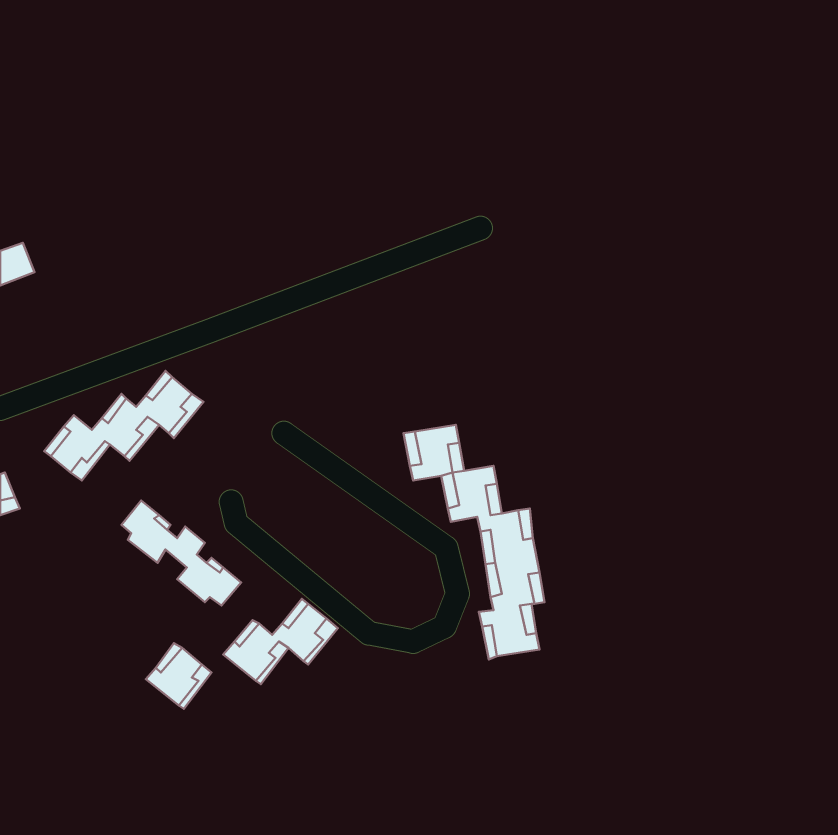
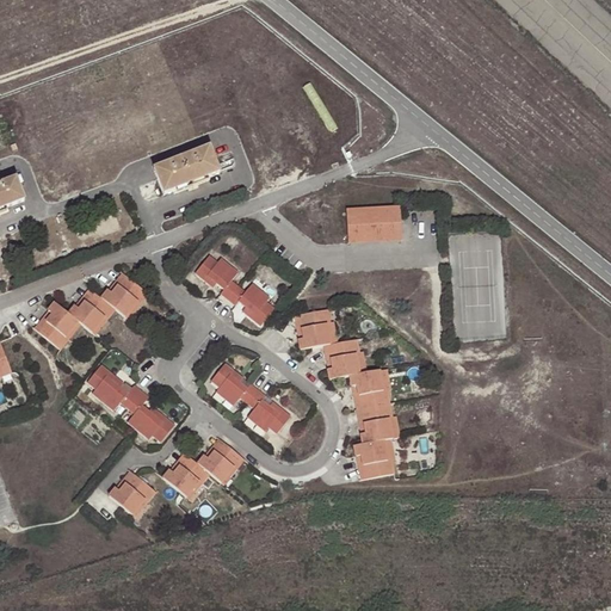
building: none -> [154,146,221,192]
building: none -> [346,208,402,240]
building: none -> [196,254,276,325]
building: none -> [212,363,291,432]

